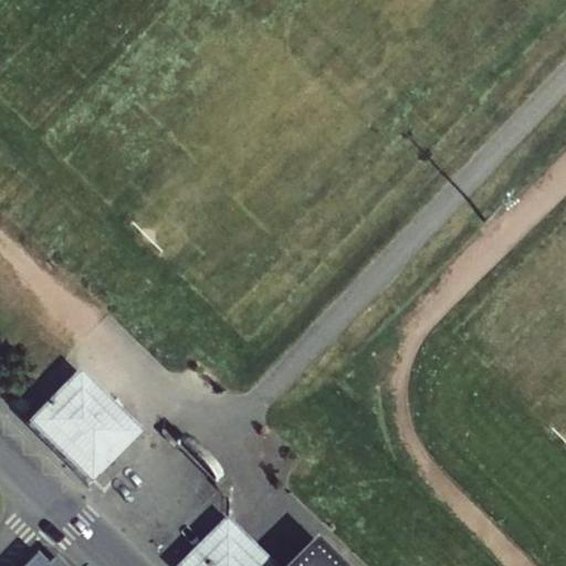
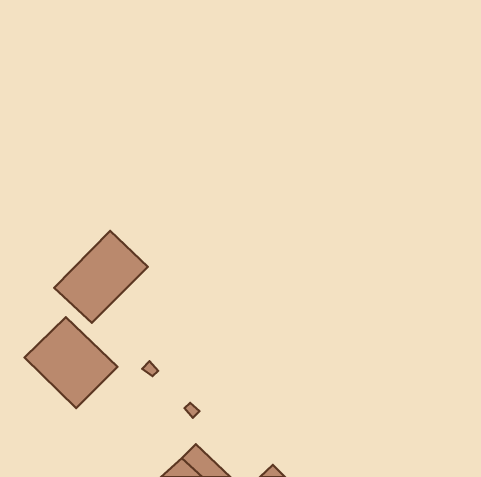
building: none -> [54,231,148,323]

